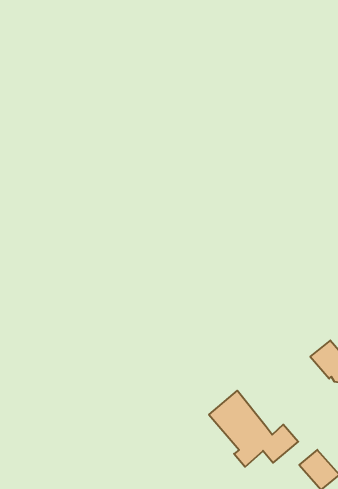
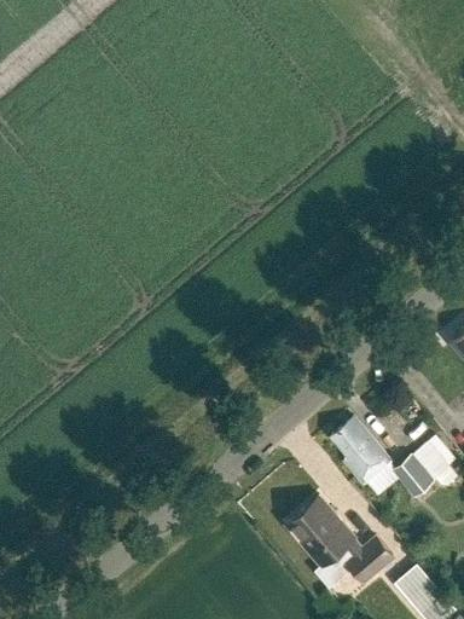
building: none -> [332,421,392,484]
building: none -> [390,455,431,497]

